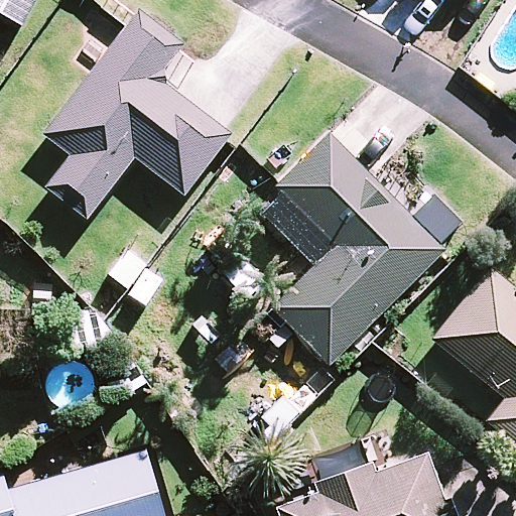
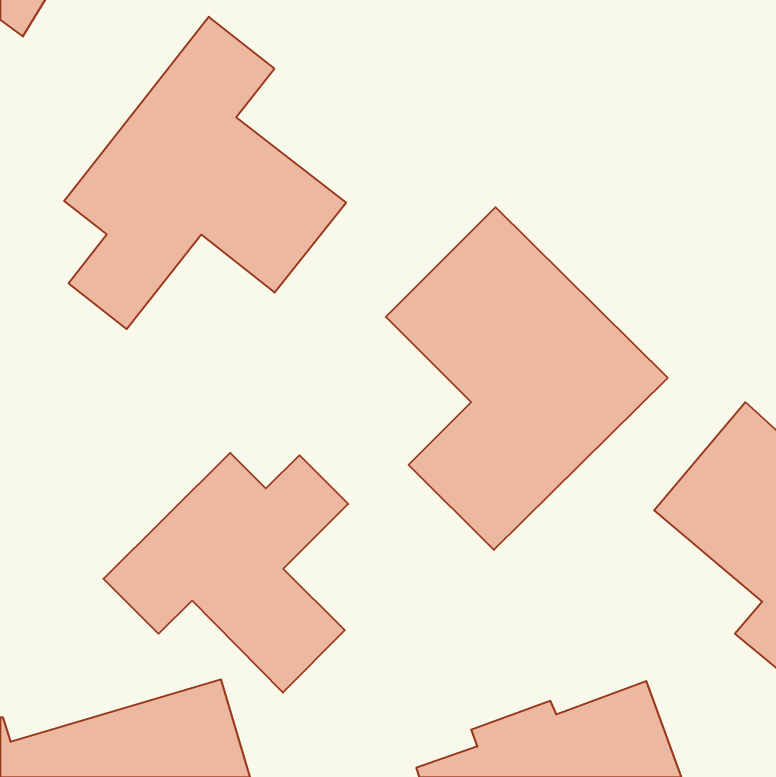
building: none -> [103,453,348,693]

